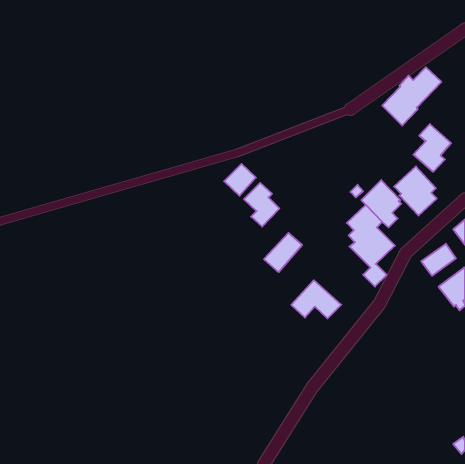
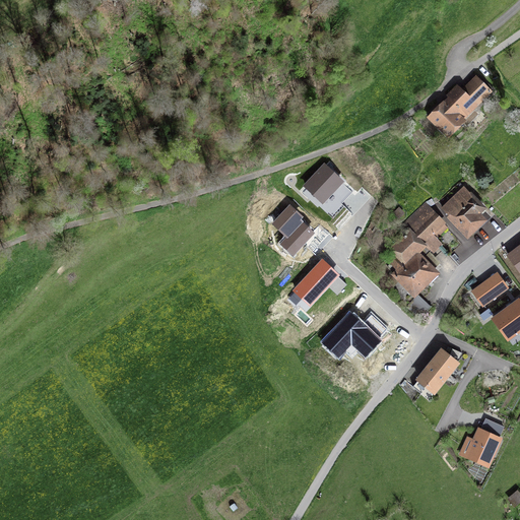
building: [413,124,451,172] -> none
building: [224,164,256,196] -> [306,166,341,201]
building: none -> [415,348,460,396]
building: none -> [458,418,504,469]

